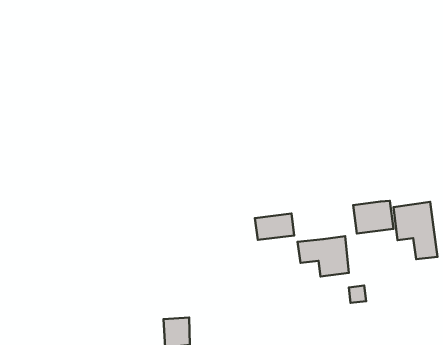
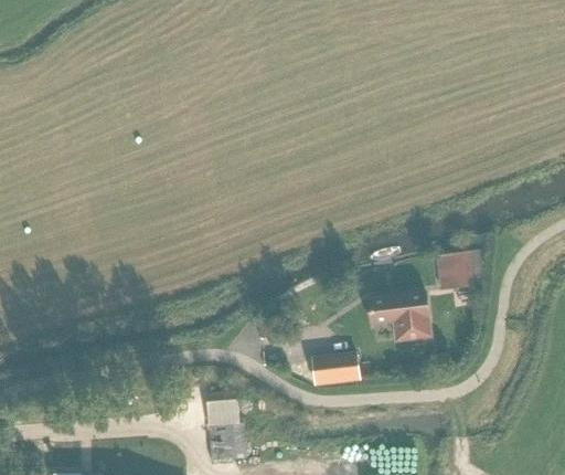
building: [394,202,437,259] -> none
building: [255,213,294,240] -> [311,355,359,387]

